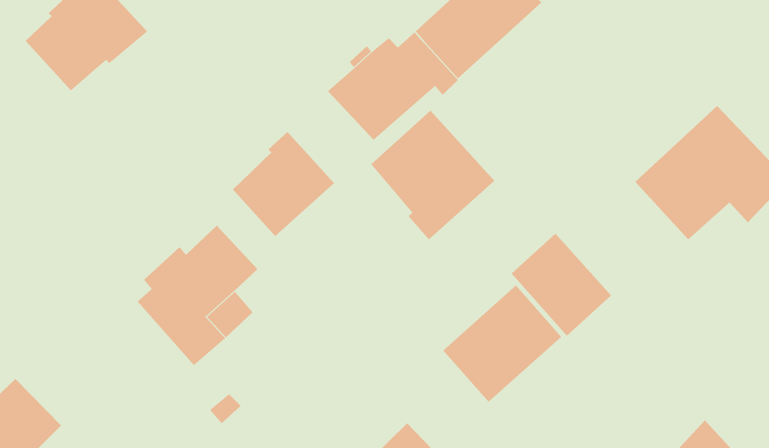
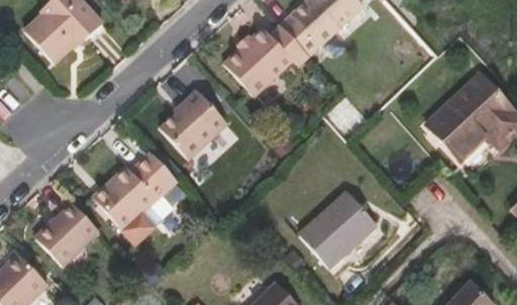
building: [370,110,495,240] -> none
building: [511,233,612,336] -> none
building: none -> [33,202,99,266]

